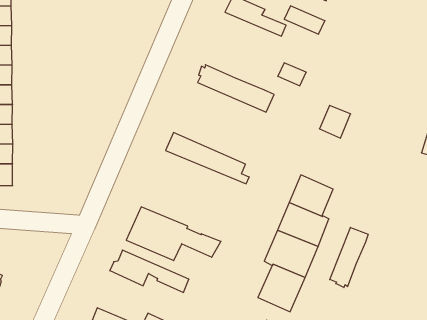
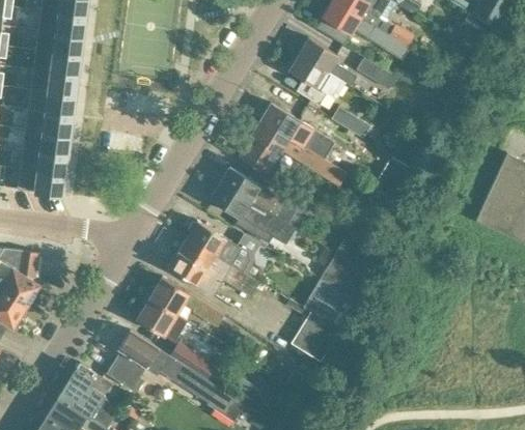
building: none -> [288,54,346,106]
building: none -> [238,120,350,185]
building: none -> [209,183,295,246]
building: none -> [187,222,250,273]
building: [330,227,368,288] -> none
building: none -> [135,295,186,343]

